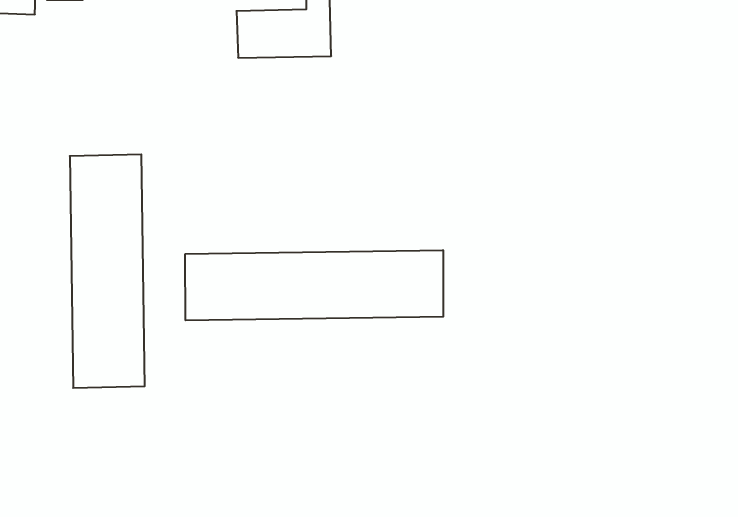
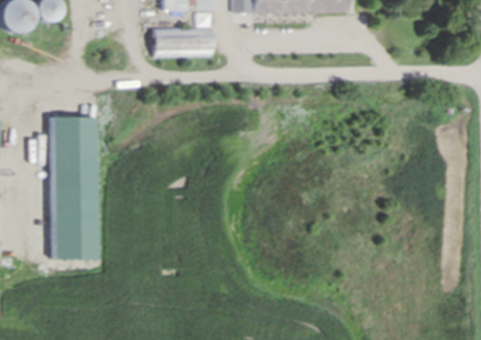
building: [185,250,443,320] -> none

